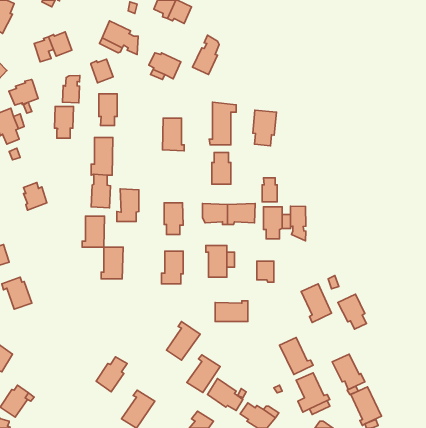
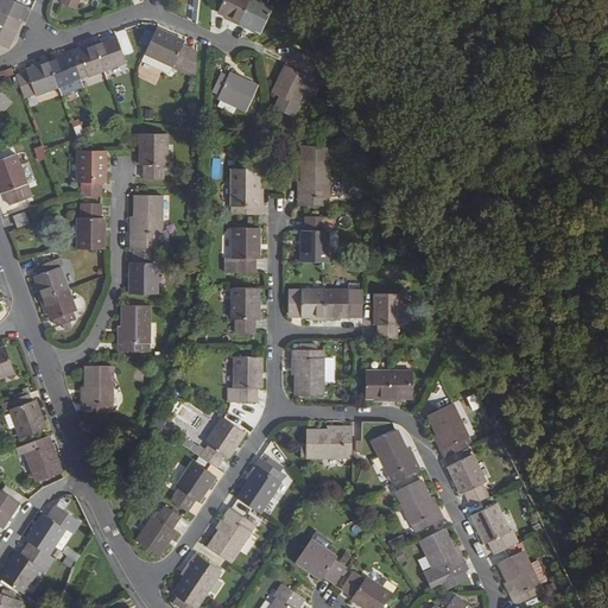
building: [91,59,113,83] -> [93,38,125,71]
building: [62,76,80,103] -> none
building: [9,79,38,105] -> [15,61,57,97]
building: [253,110,276,146] -> none
building: none -> [77,203,103,248]
building: [262,178,277,202] -> none
building: [117,189,139,222] -> [228,226,259,272]
building: none -> [39,287,75,325]
building: [290,206,306,241] -> none
building: [101,247,123,279] -> [82,366,113,411]
building: none -> [388,370,412,400]
building: none -> [200,417,242,467]
building: [338,294,366,329] -> [448,454,488,504]
building: none -> [373,428,420,481]
building: none -> [15,436,61,480]
building: none -> [172,462,215,511]
building: none -> [26,498,80,553]
building: [187,355,220,392] -> [207,507,254,560]

